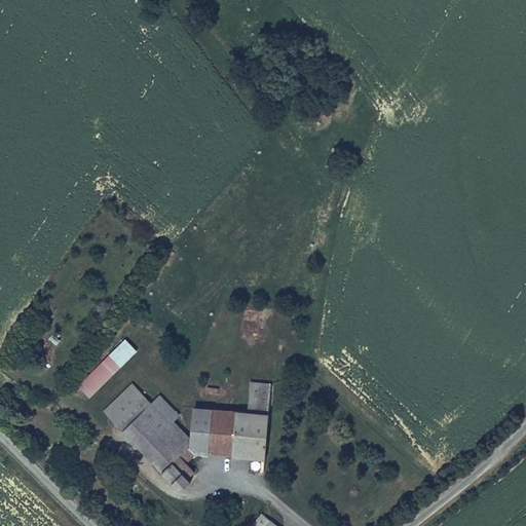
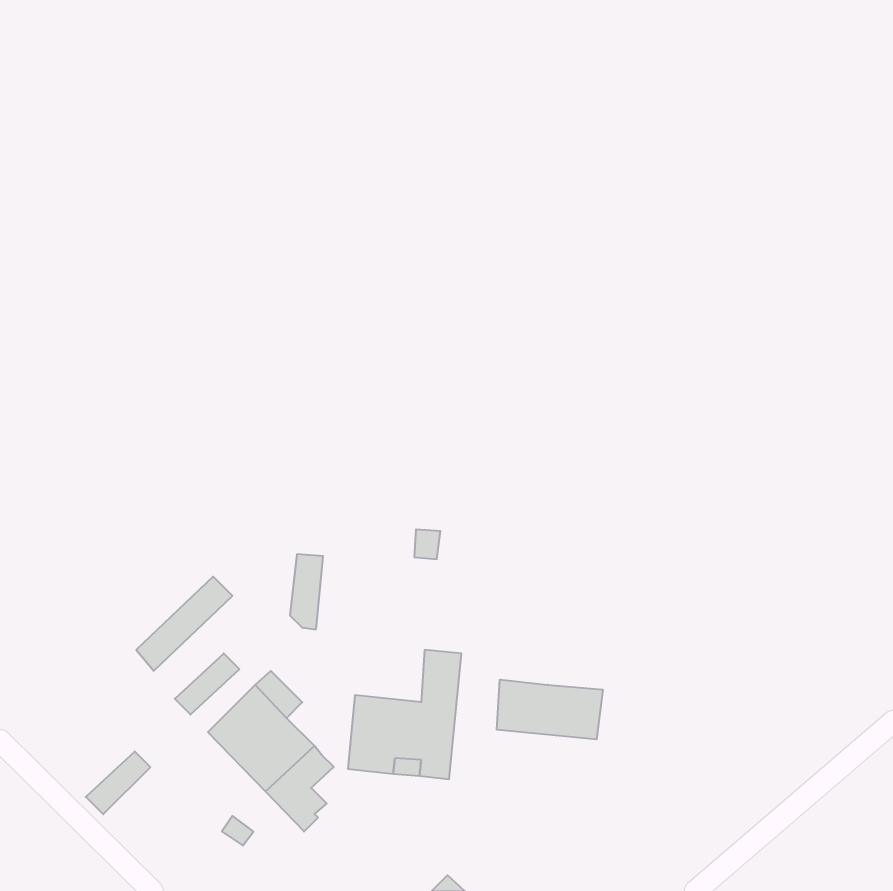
building: [112,393,150,430] -> [86,751,150,814]
building: none -> [497,680,603,739]
building: [189,408,209,452] -> [290,554,323,629]

